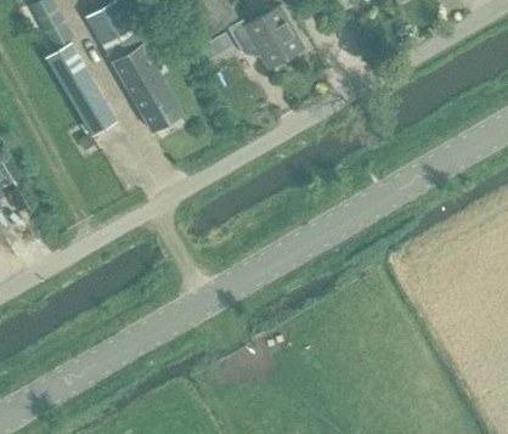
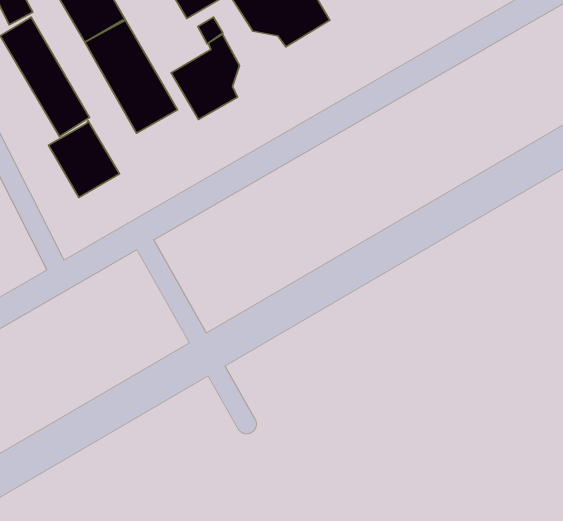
building: none -> [171,34,240,119]
building: none -> [49,121,120,198]

